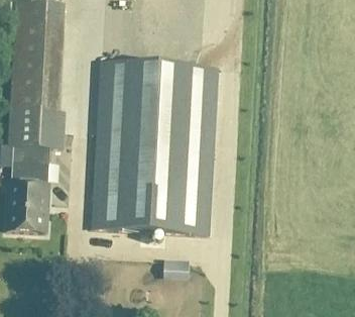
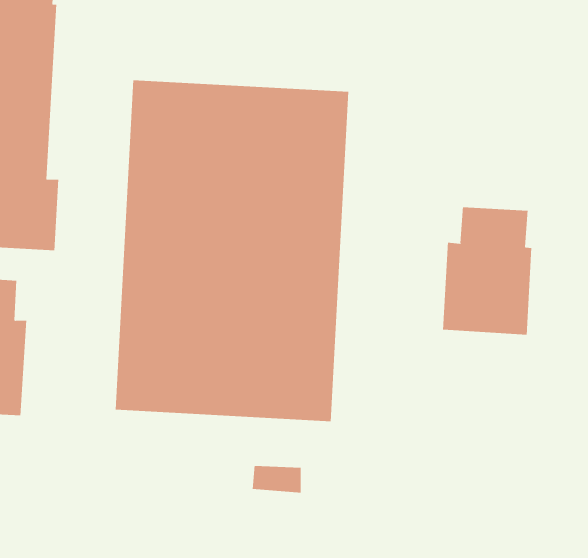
building: none -> [443,207,532,336]

